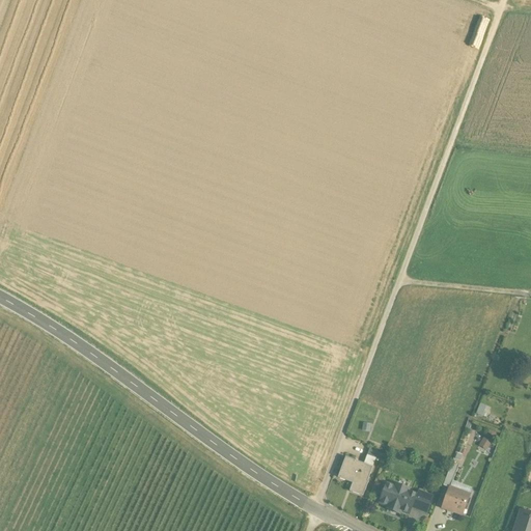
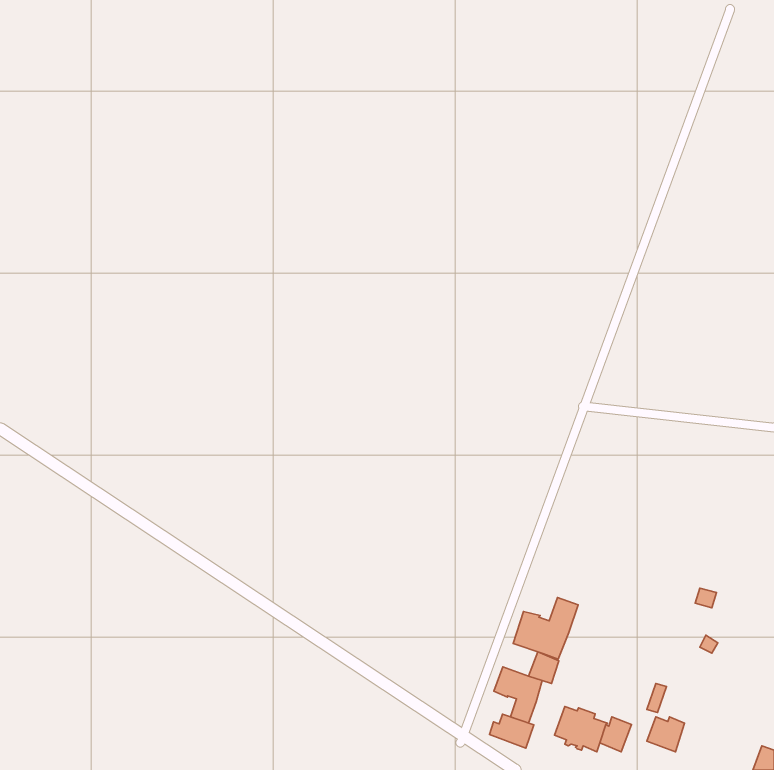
building: none -> [513,597,578,659]
building: none -> [490,714,534,748]

